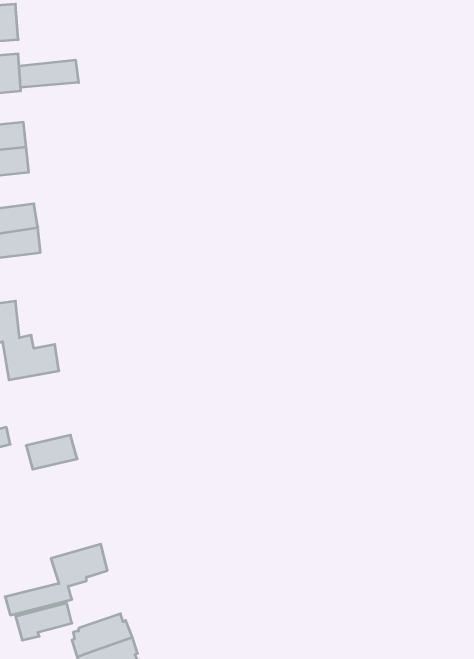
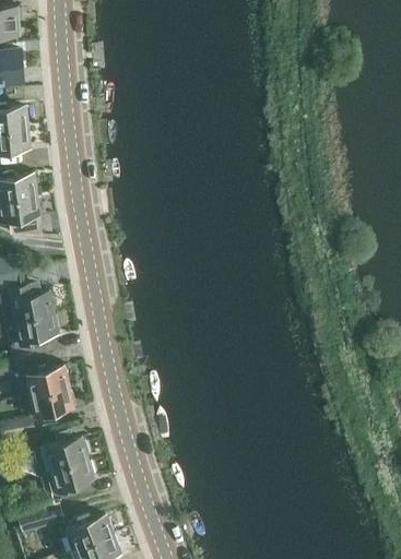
building: [19,60,79,88] -> none
building: none -> [12,314,58,350]
building: none -> [32,388,73,417]
building: none -> [40,432,89,471]

